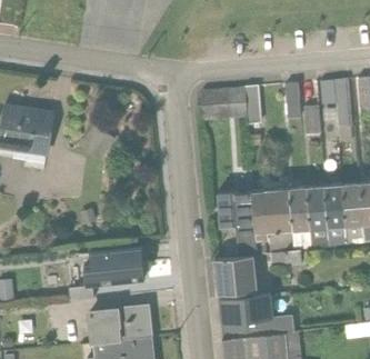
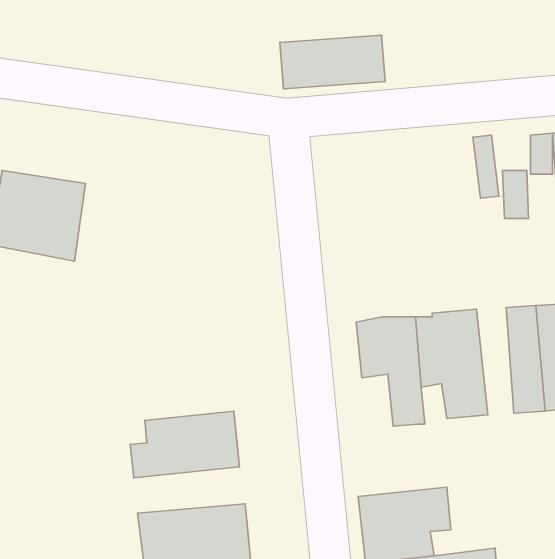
building: [196,89,259,121] -> [280,35,385,89]
building: [288,186,310,250] -> none
building: [213,256,257,295] -> none

